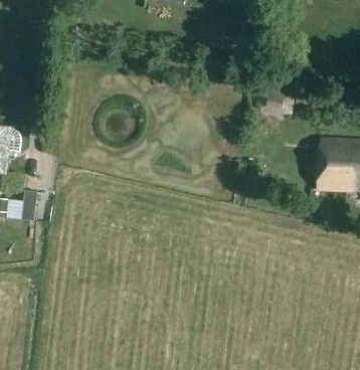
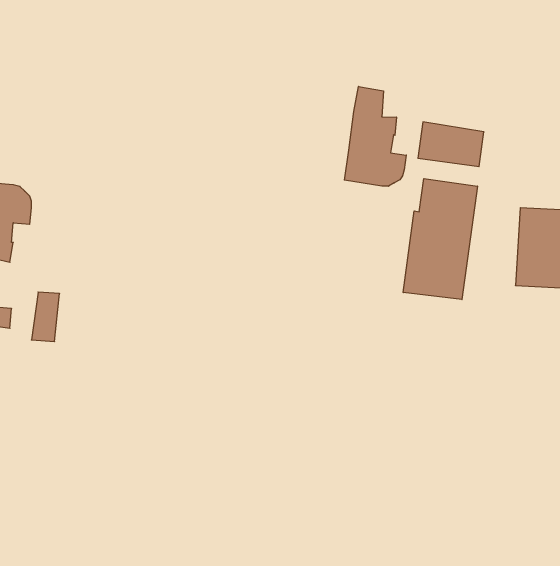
building: none -> [344,86,406,186]
building: none -> [403,179,477,300]

